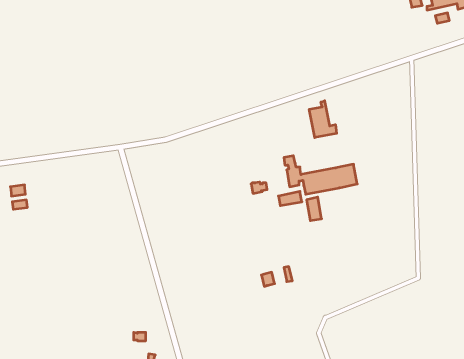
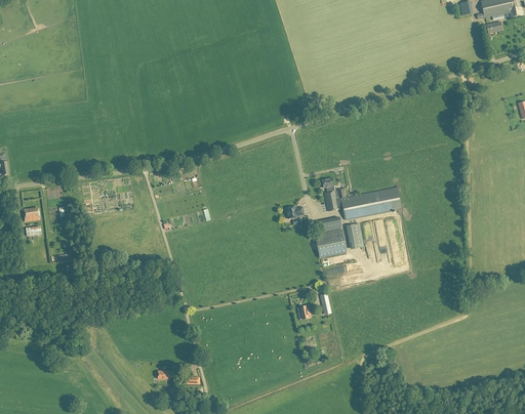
building: [309,101,337,138] -> none
building: none -> [314,230,346,257]

